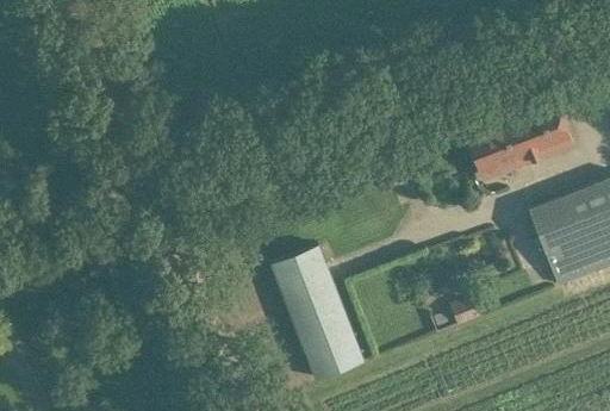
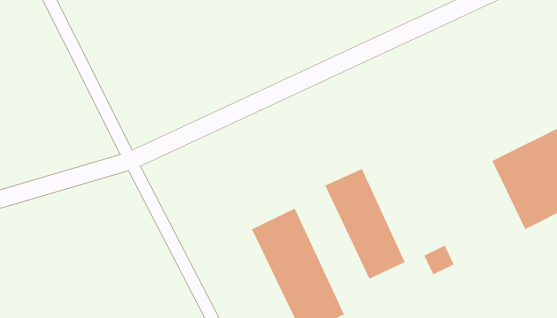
building: [466,104,573,176] -> none
building: none -> [325,168,405,280]

